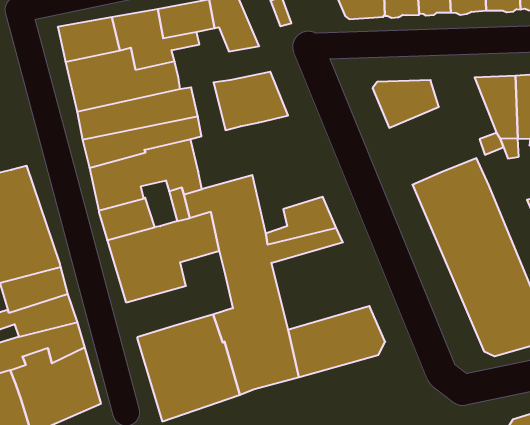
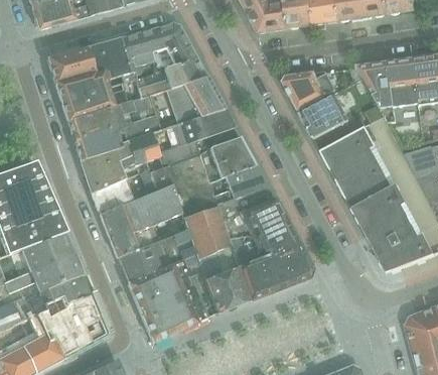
building: none -> [139,58,206,96]
building: none -> [300,95,349,150]
building: none -> [160,108,233,168]
building: none -> [209,136,254,178]
building: none -> [221,198,296,266]
building: none -> [117,230,195,282]

